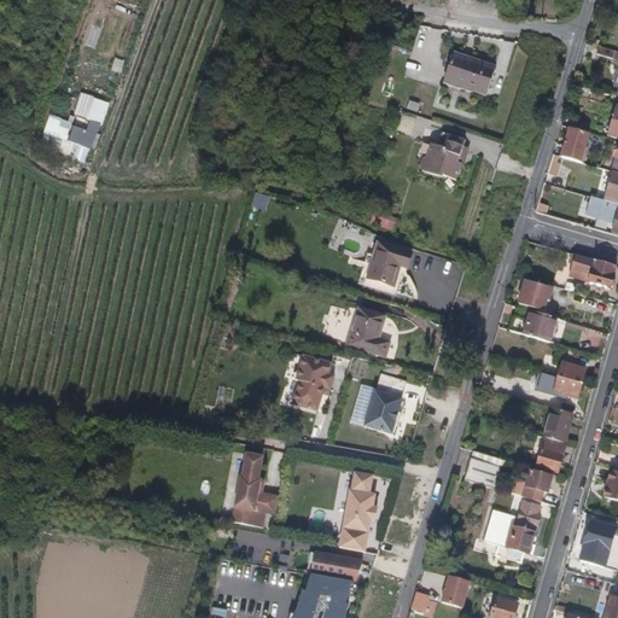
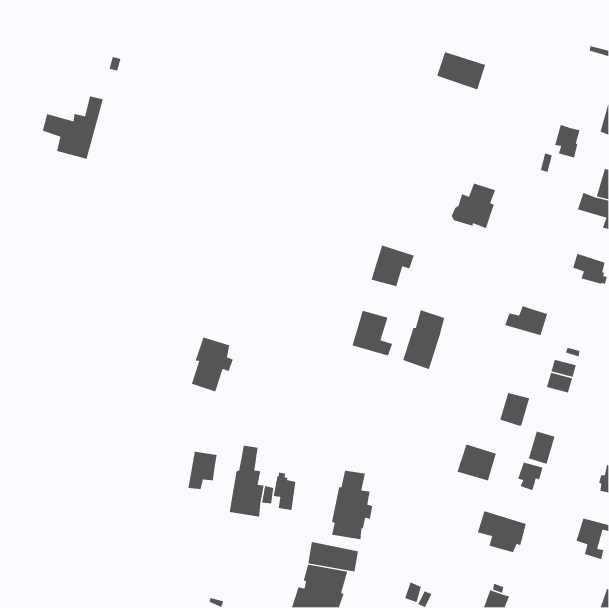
building: [418,132,464,179] -> [451,183,496,229]
building: [518,280,552,314] -> none
building: [290,356,333,413] -> [191,336,234,392]
building: [362,377,406,438] -> [402,309,445,370]
building: [542,407,573,442] -> [499,392,530,427]
building: none -> [188,451,218,490]
building: none -> [273,472,296,511]
building: [490,501,538,530] -> none
building: [441,575,468,607] -> none

